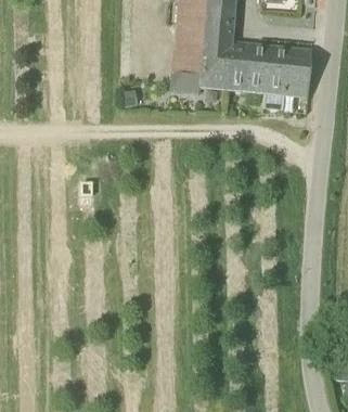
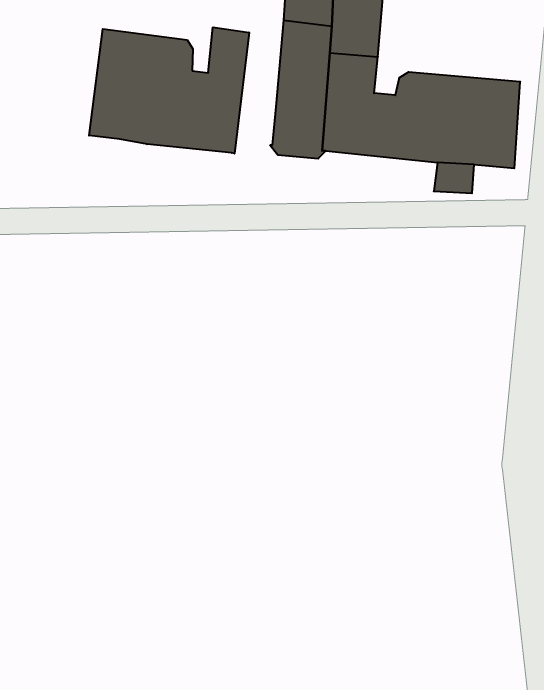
building: none -> [89,27,249,154]

